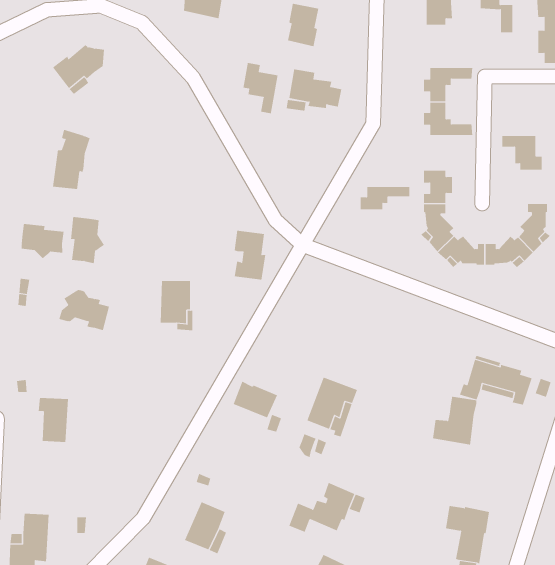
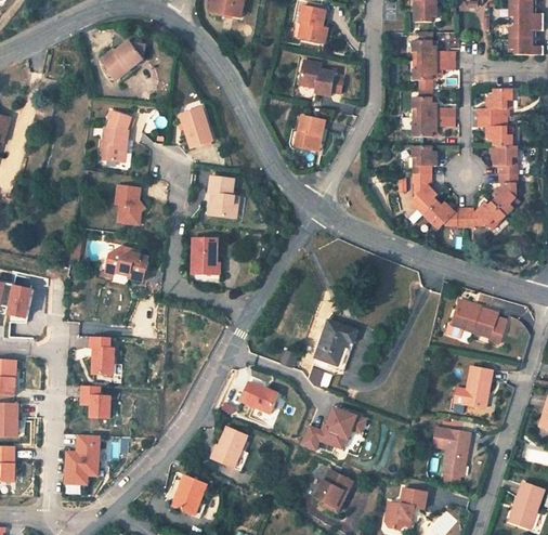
building: none -> [413,30,455,58]
building: [243,62,278,114] -> none
building: none -> [479,88,513,116]
building: none -> [180,108,212,148]
building: none -> [295,115,325,151]
building: none -> [494,145,518,173]
building: [360,187,410,210] -> [413,116,455,135]
building: [21,223,64,259] -> none
building: [234,230,266,280] -> [209,175,236,218]
building: [233,381,278,418] -> [239,381,277,413]
building: [432,396,477,445] -> [452,367,490,408]
building: none -> [79,384,113,418]

